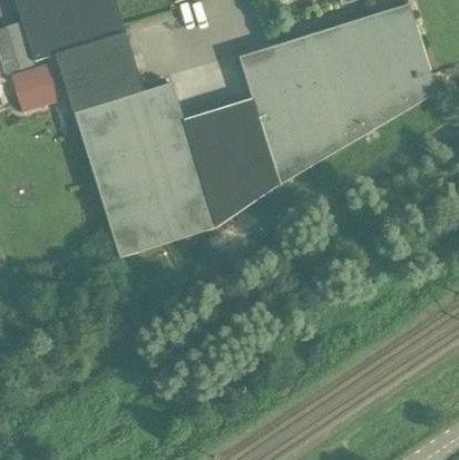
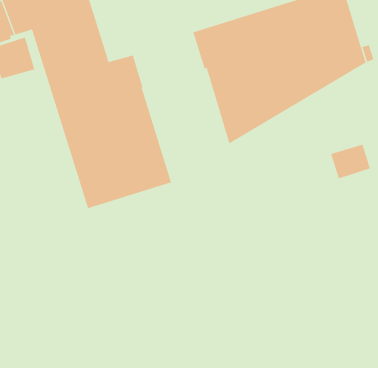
building: [182,98,280,227] -> none
building: none -> [331,144,370,179]

